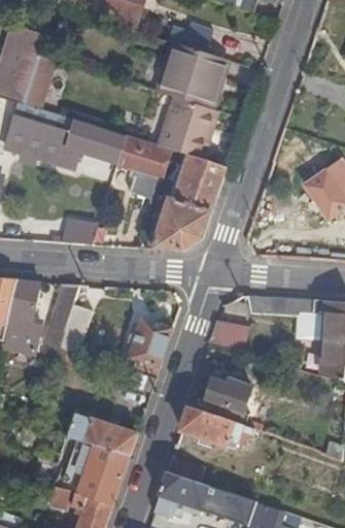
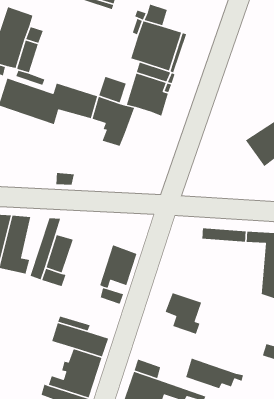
building: [145,155,226,252] -> none
building: [212,308,251,350] -> none
building: [181,408,253,448] -> [185,357,244,389]

